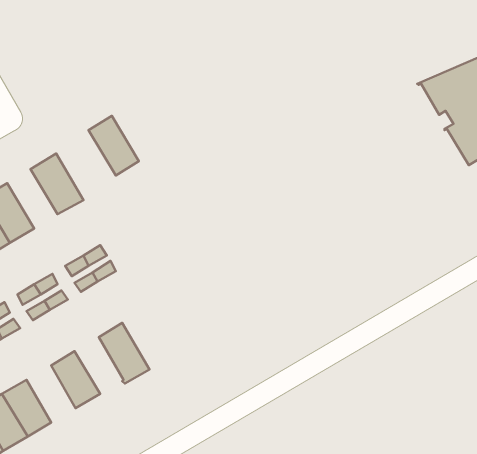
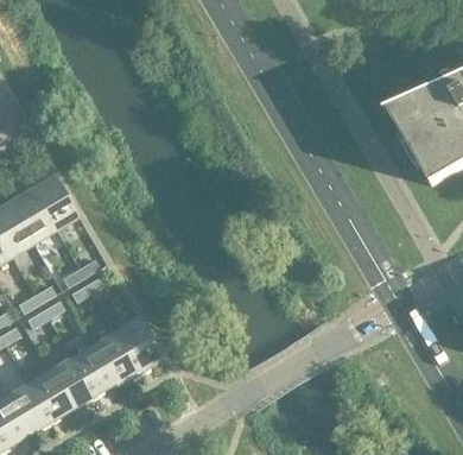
building: [88,116,139,175] -> [8,189,55,244]
building: none -> [114,317,163,373]
building: none -> [70,343,115,396]
building: none -> [26,369,71,422]

